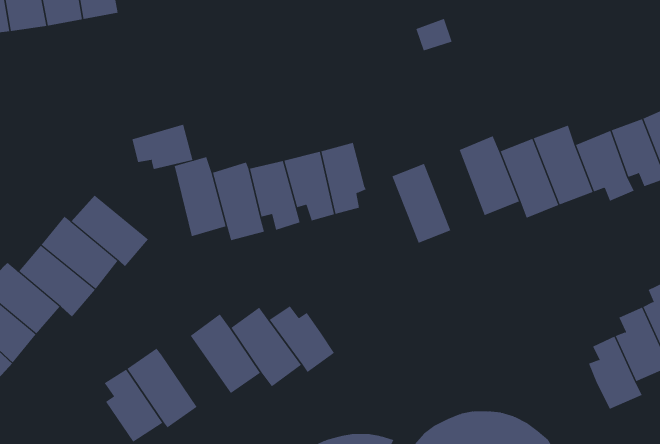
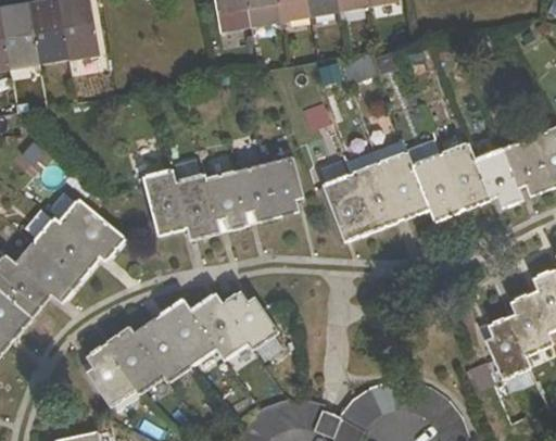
building: [132,124,193,170] -> none
building: none -> [351,164,400,230]
building: none -> [135,317,191,381]

